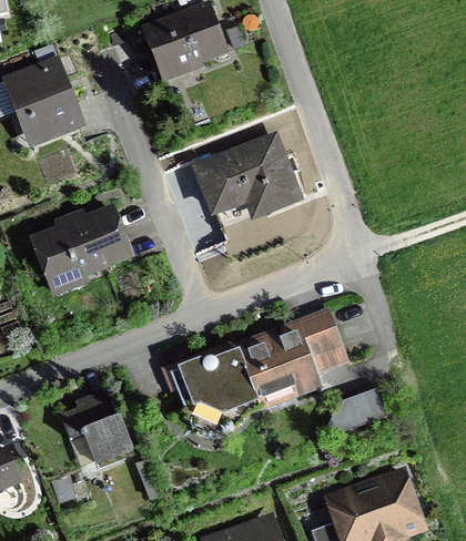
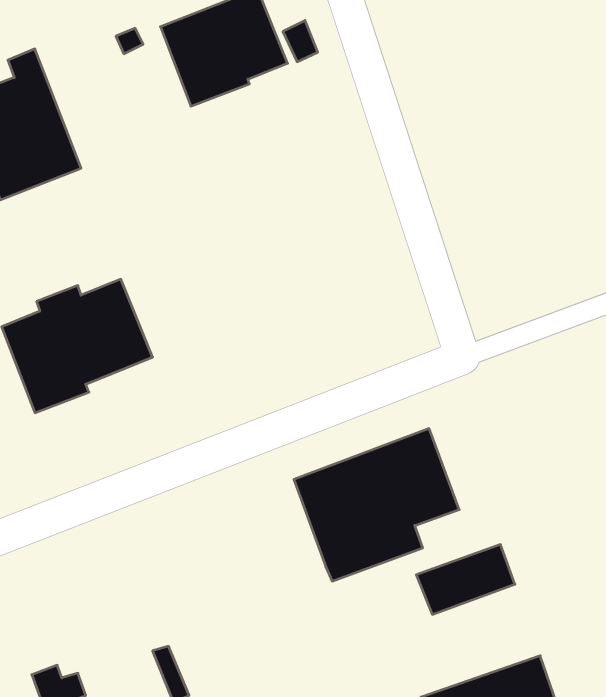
building: [191,130,304,226] -> none
building: [160,338,256,427] -> none
building: [60,388,134,467] -> none

